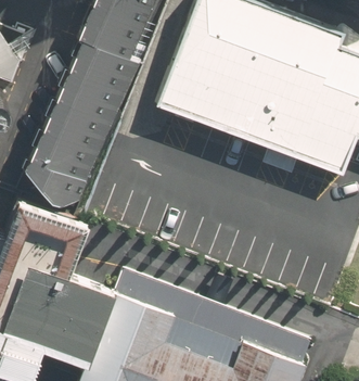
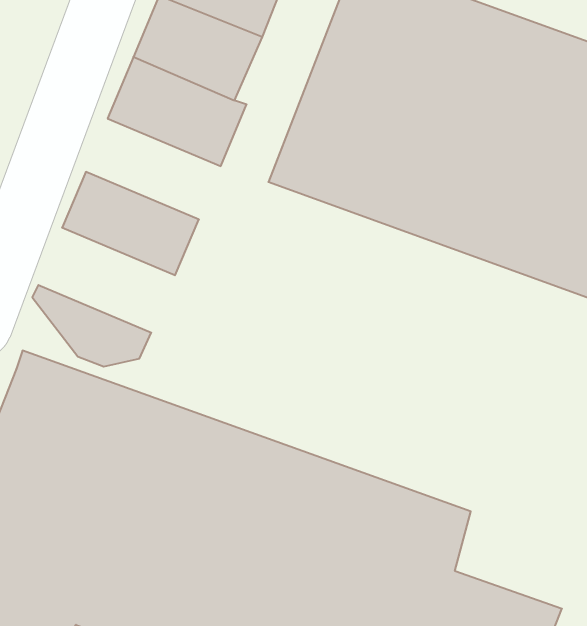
building: [54,75,128,130] -> none
building: [28,135,103,192] -> none

